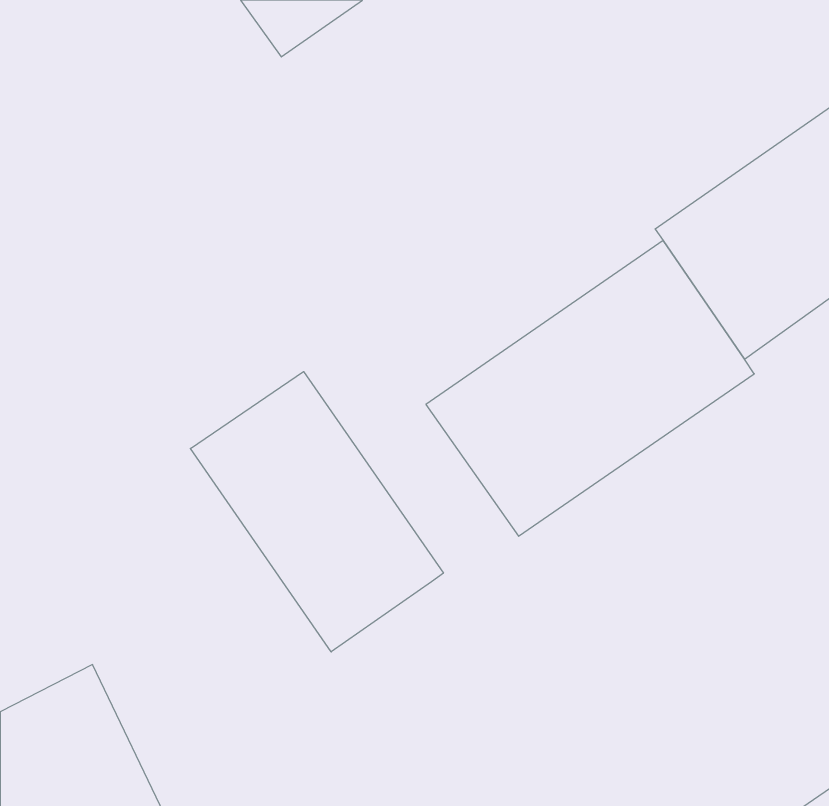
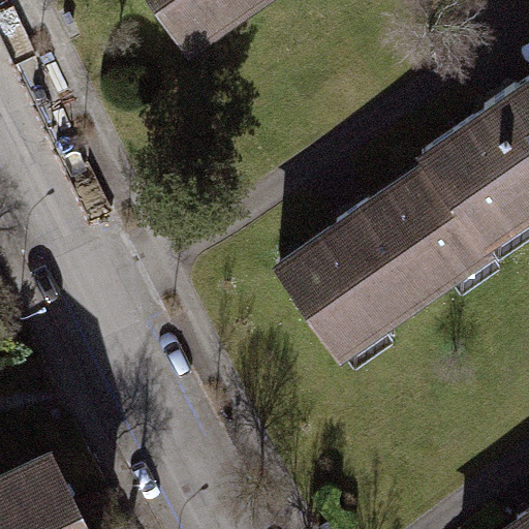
building: [190,372,443,652] -> none

